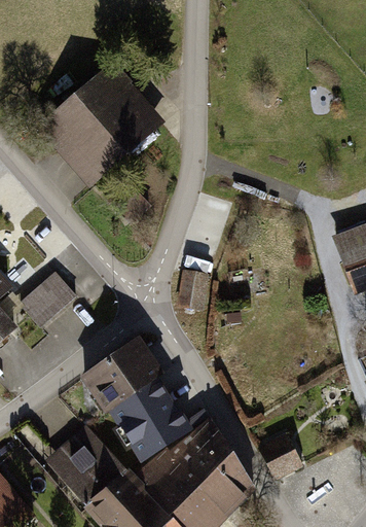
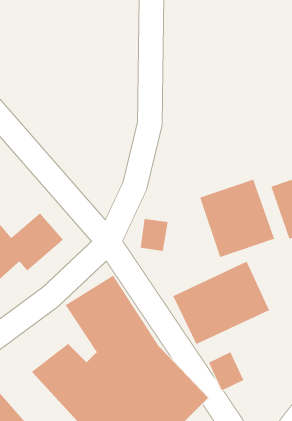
building: [37,64,163,188] -> none
building: none -> [199,179,275,258]
building: none -> [172,261,270,345]

